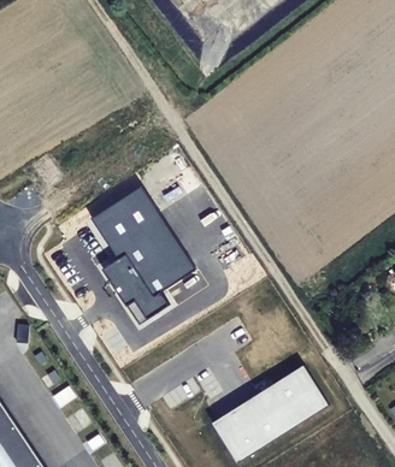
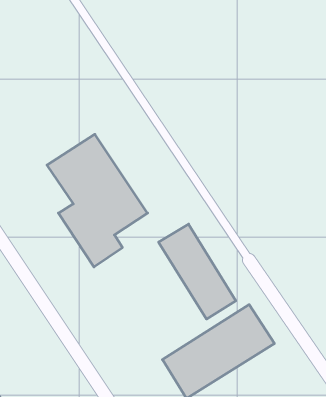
building: none -> [159,224,236,319]

